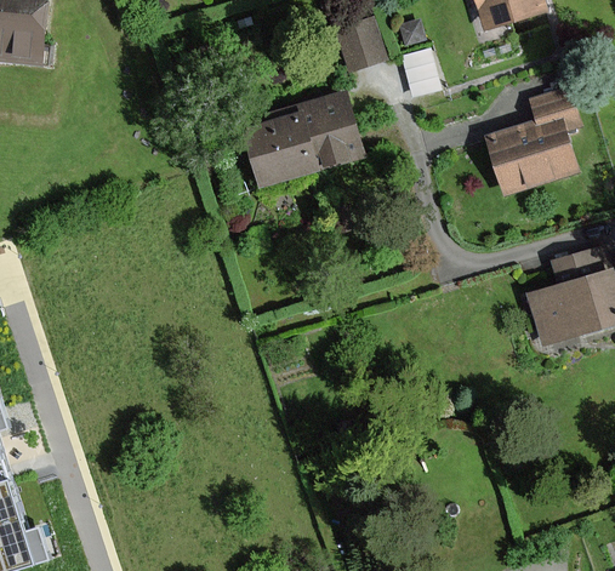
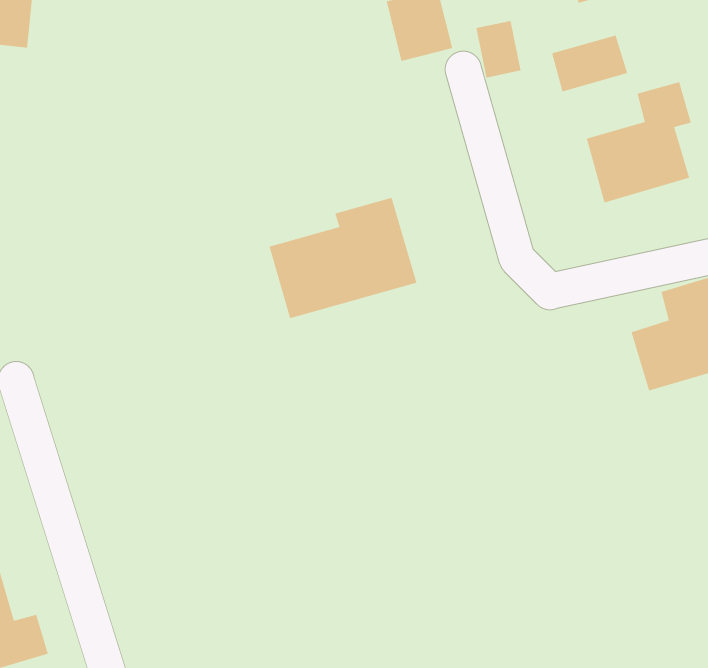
building: none -> [551,35,628,93]
building: [238,91,359,190] -> [268,197,418,319]

